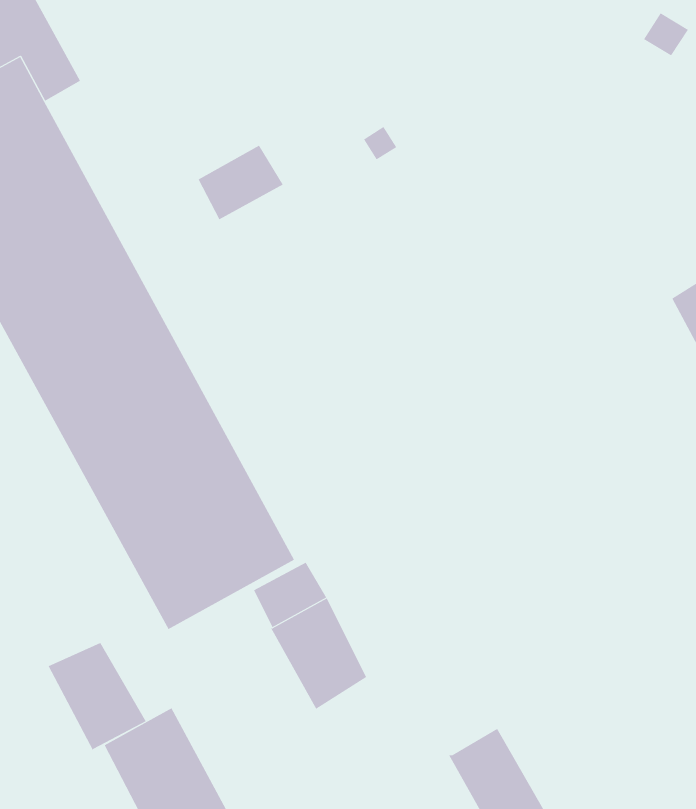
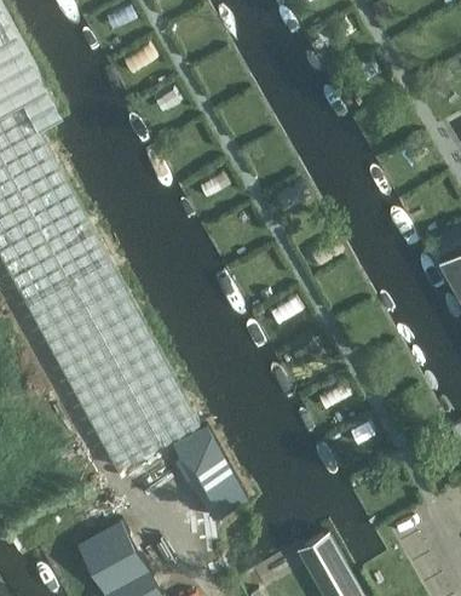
building: [198,145,283,220] -> none
building: [48,642,147,751] -> none

